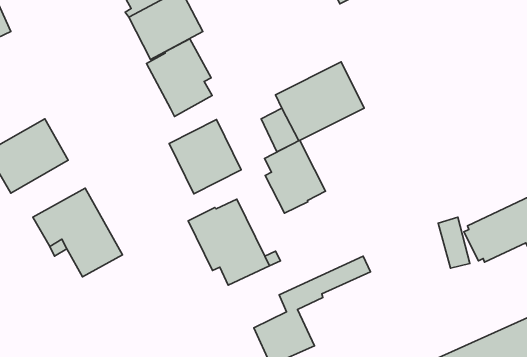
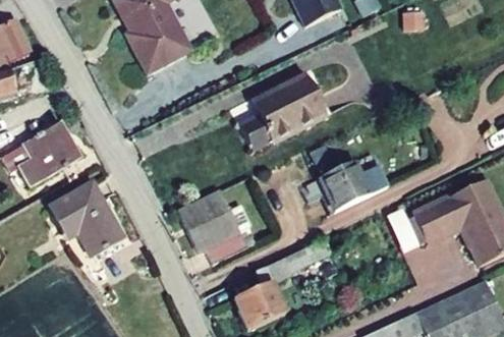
building: [146,39,212,116] -> none
building: [169,119,241,194] -> none
building: [264,140,325,213] -> none
building: none -> [319,161,369,211]

